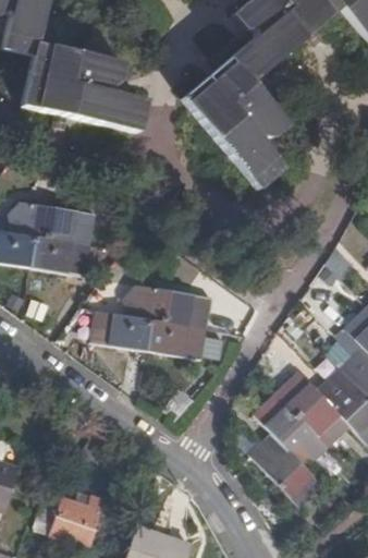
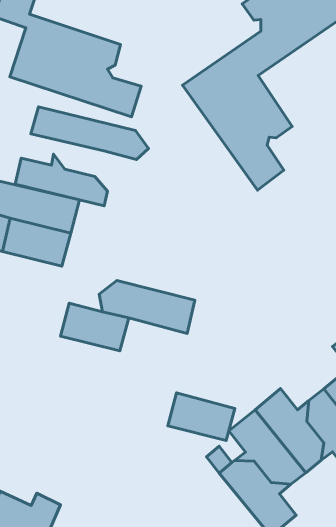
building: none -> [31,107,149,159]
building: none -> [15,154,107,206]
building: [147,317,208,357] -> [168,393,235,440]

